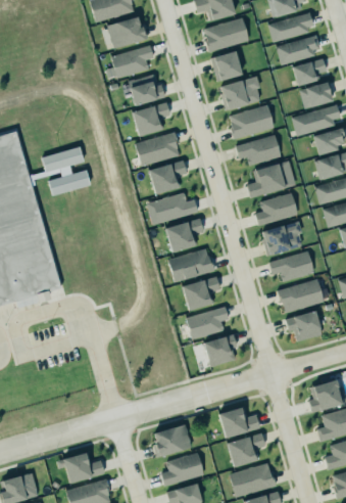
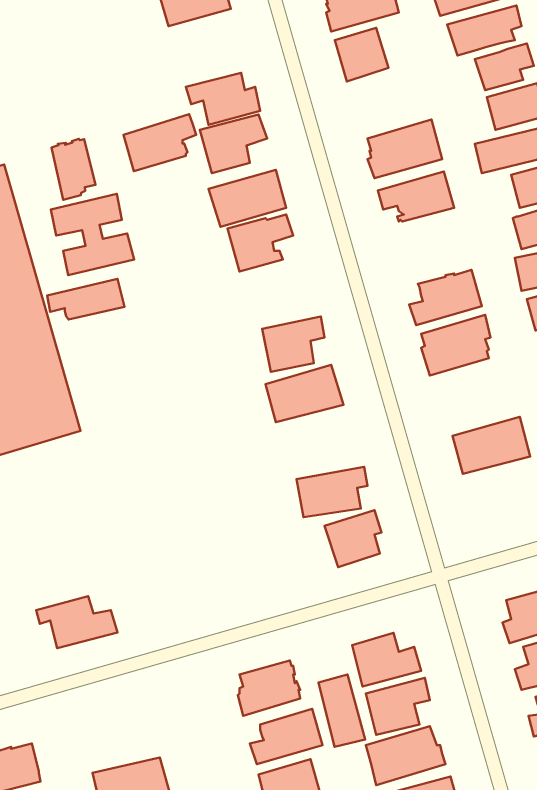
building: [110,44,153,78] -> [124,114,196,171]
building: [219,75,260,109] -> none
building: none -> [51,139,95,200]
building: [245,158,297,198] -> none
building: [148,193,199,225] -> none
building: none -> [47,279,124,320]
building: [270,252,315,282] -> none
building: [183,277,221,312] -> none
building: [287,311,323,341] -> none
building: none -> [318,675,365,747]
building: [58,453,106,484] -> [36,596,118,648]

